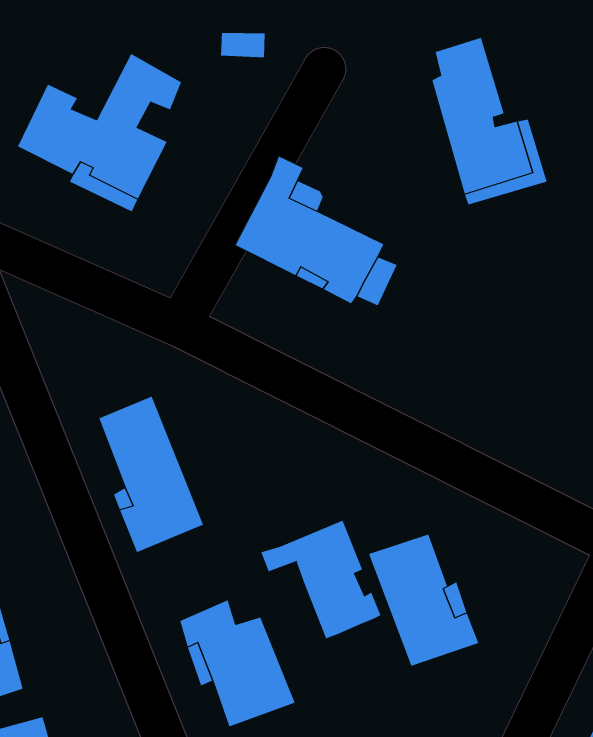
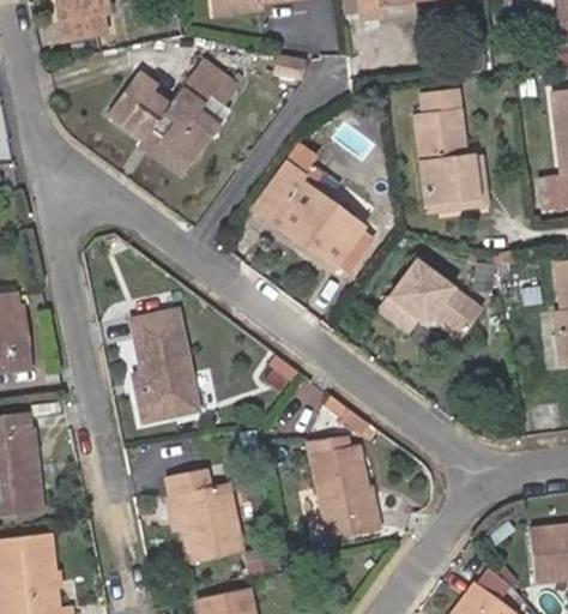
building: none -> [379,257,483,333]
building: [261,520,381,639] -> none

